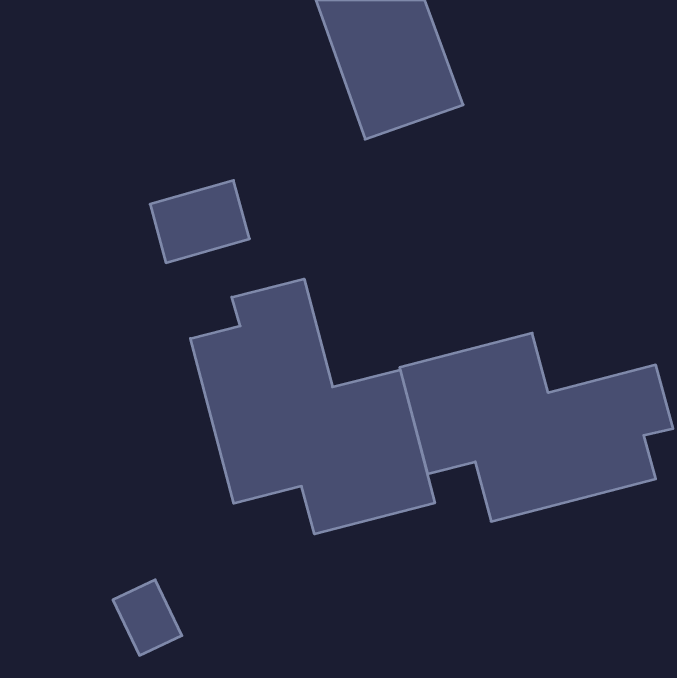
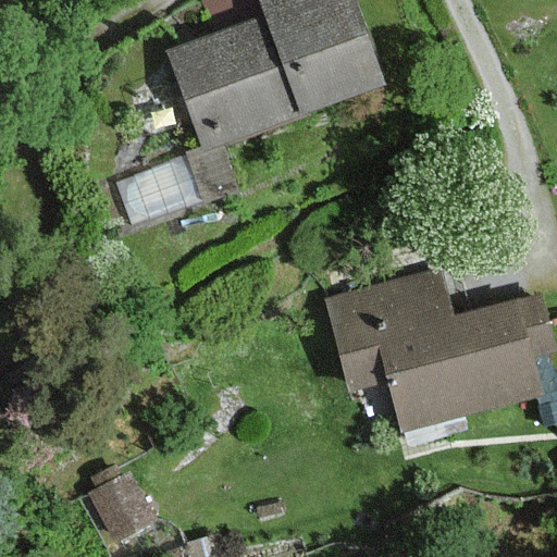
building: none -> [170,18,299,148]
building: [190,279,435,534] -> none

